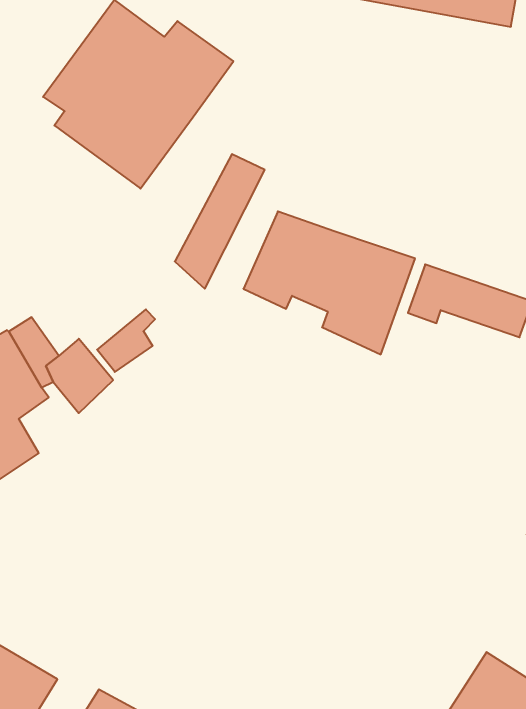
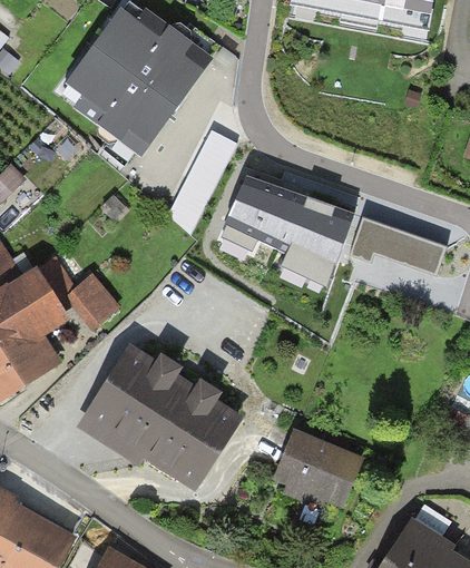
building: [97,309,155,372] -> none
building: none -> [76,343,244,492]
building: none -> [273,429,363,508]

